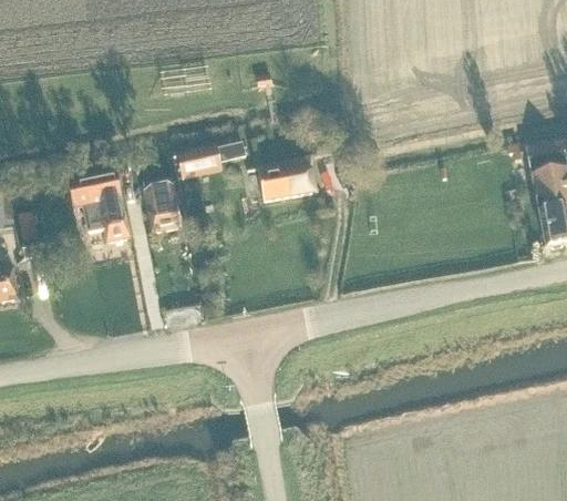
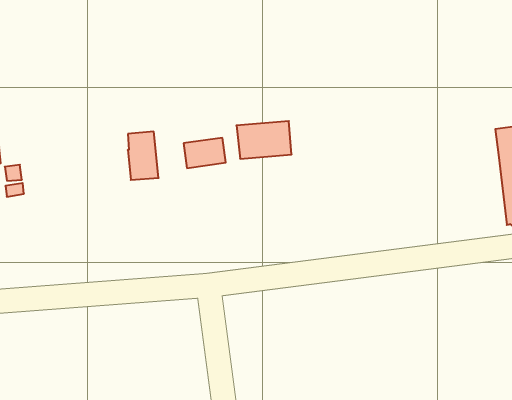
building: [177,143,223,177] -> [184,138,226,168]
building: [81,181,131,241] -> none

